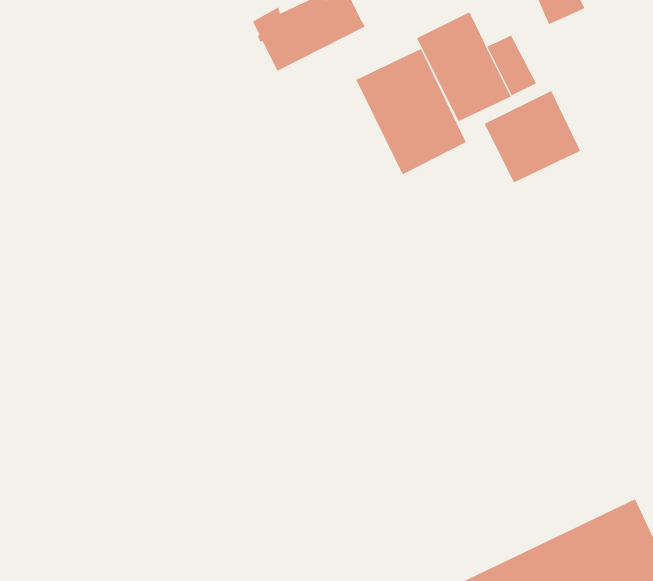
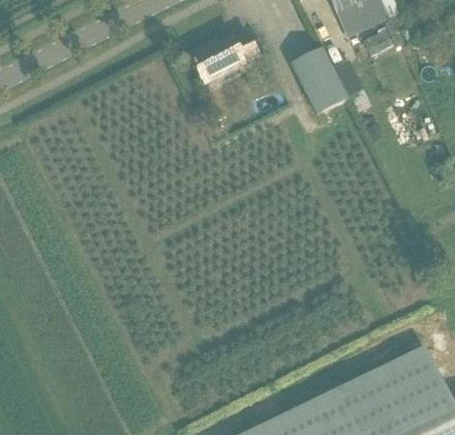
building: [356,48,466,175] -> none
building: [484,90,581,183] -> none

